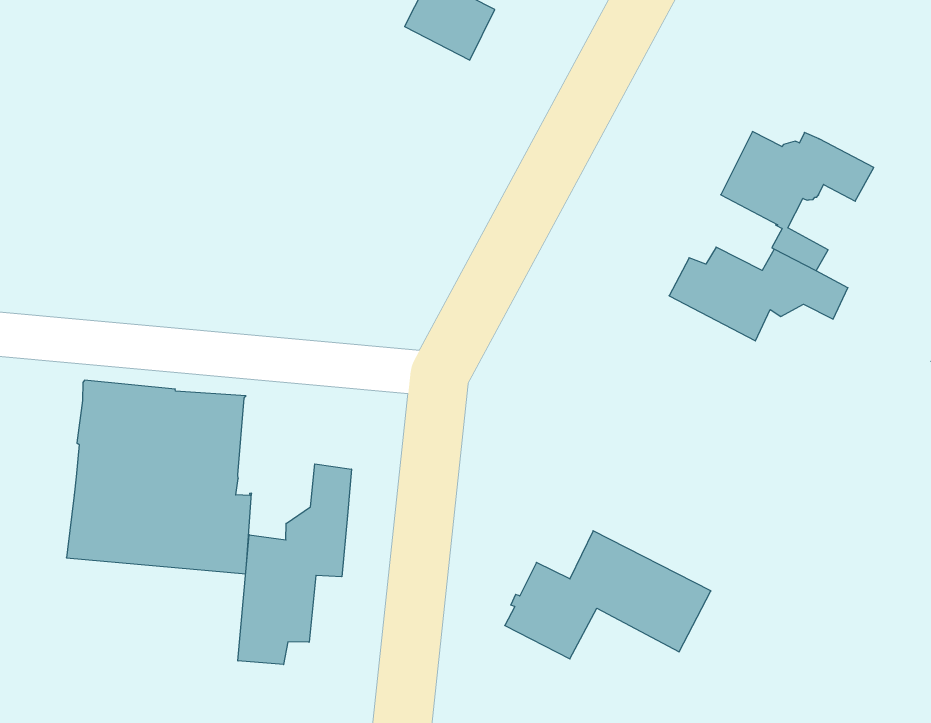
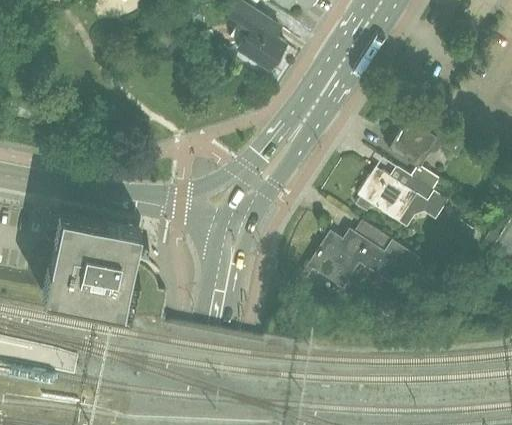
building: [238,464,351,665] -> none
building: [505,531,711,659] -> [312,221,417,286]

